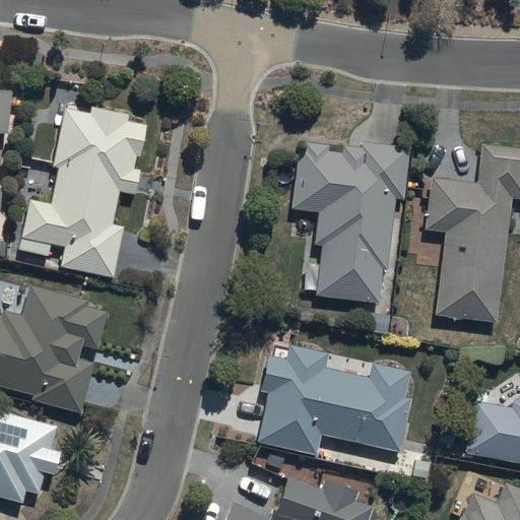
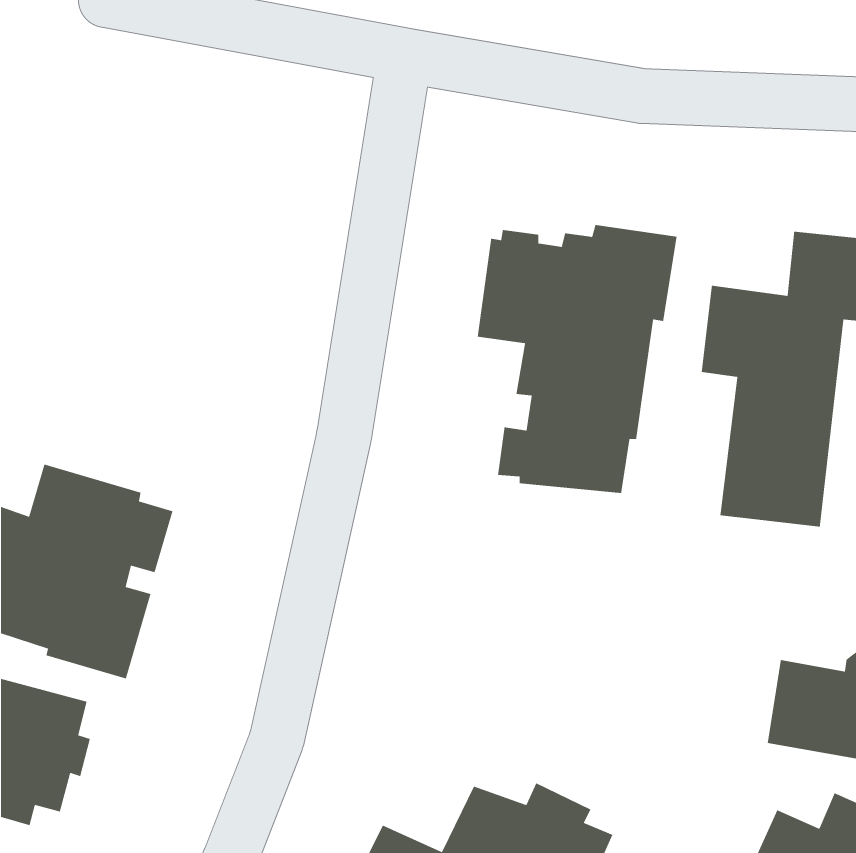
building: [17,105,145,279] -> none
building: [257,344,411,455] -> none

